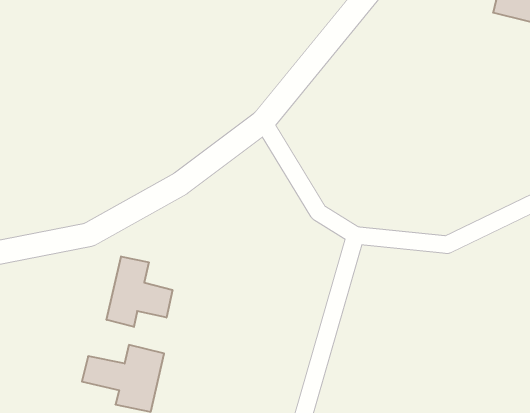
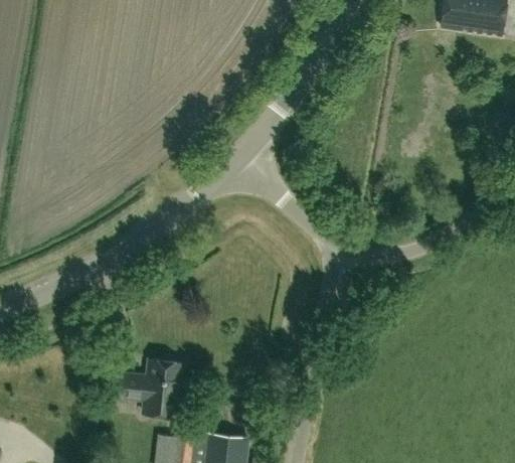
building: [107,256,172,327] -> none

